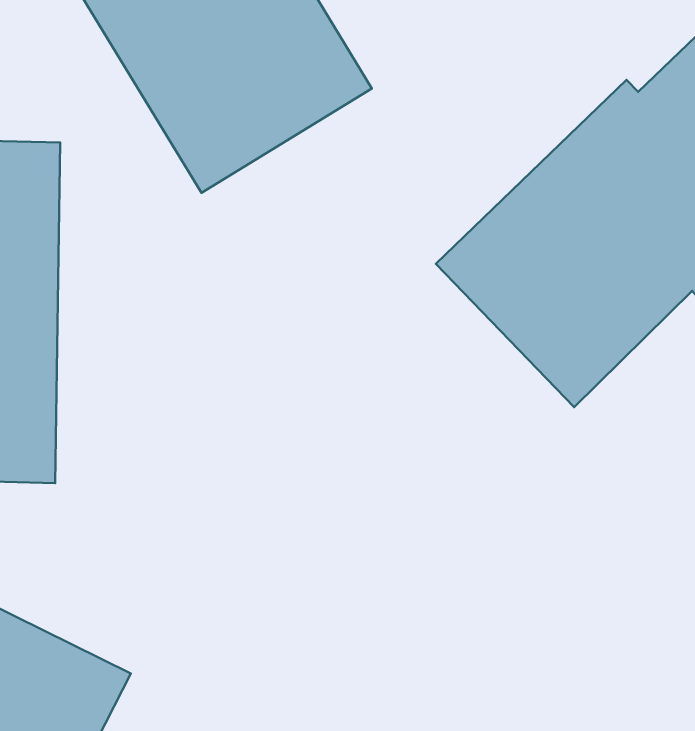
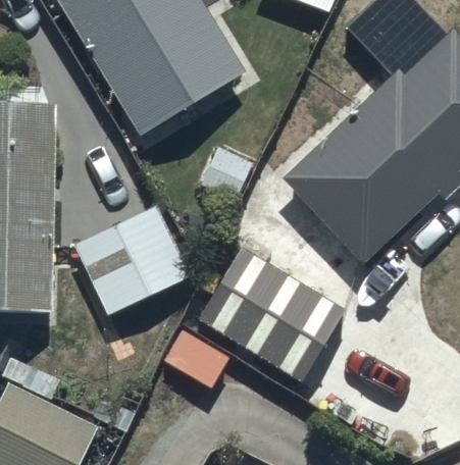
building: none -> [72,207,192,317]
building: none -> [195,247,344,381]

